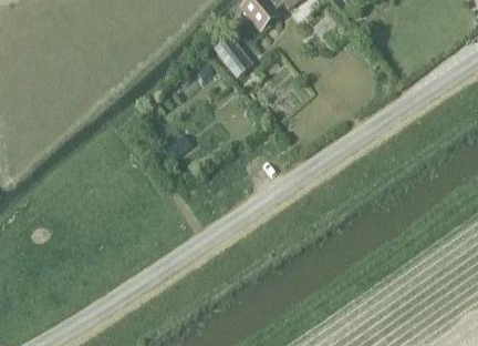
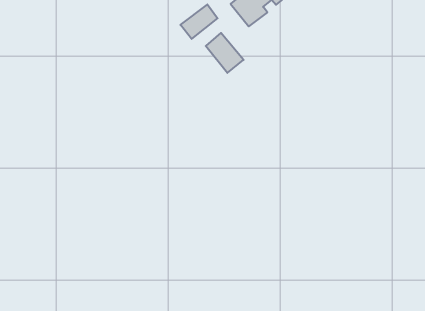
building: none -> [180,4,218,39]

